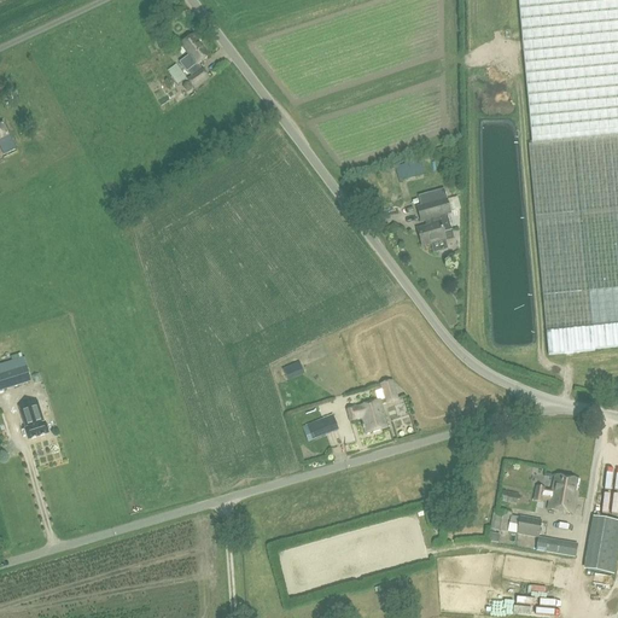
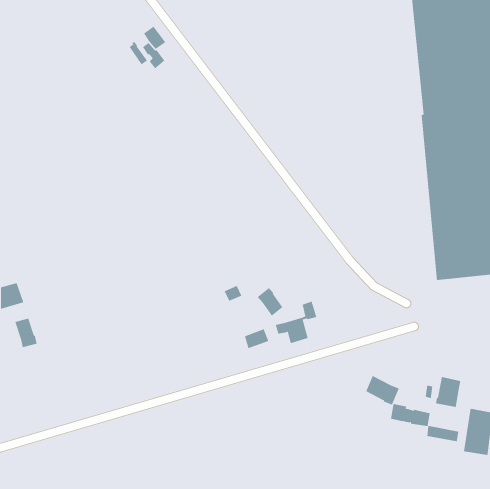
building: [418,197,453,251] -> none
building: none -> [257,287,283,317]
building: none -> [365,375,400,405]

